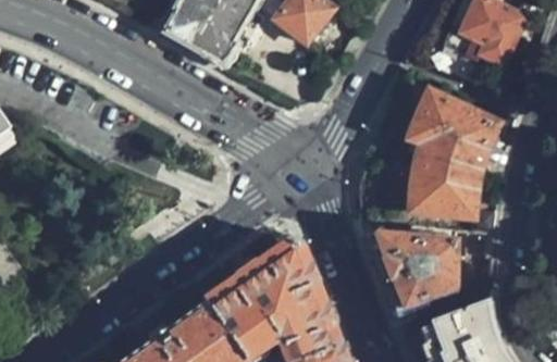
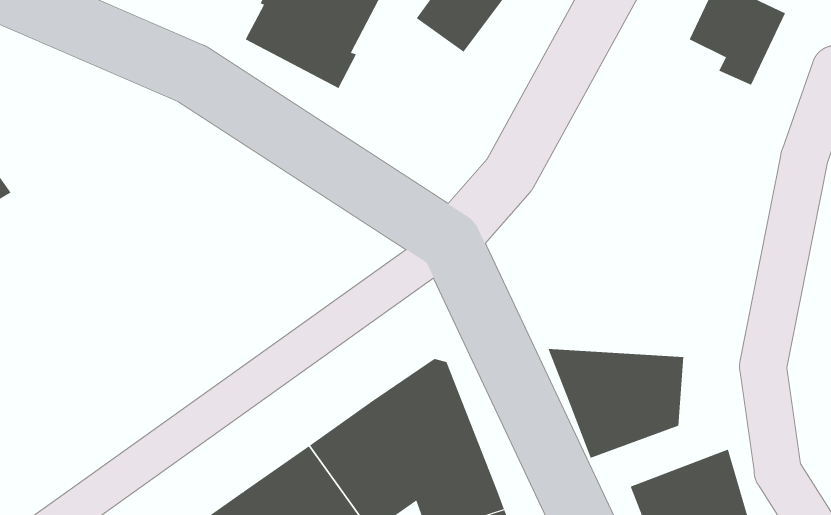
building: [387,72,495,217] -> none

